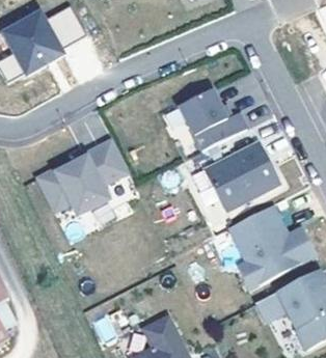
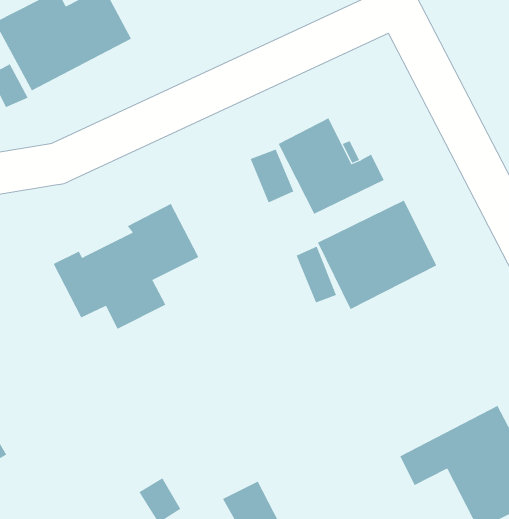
building: [227,203,316,288] -> none

